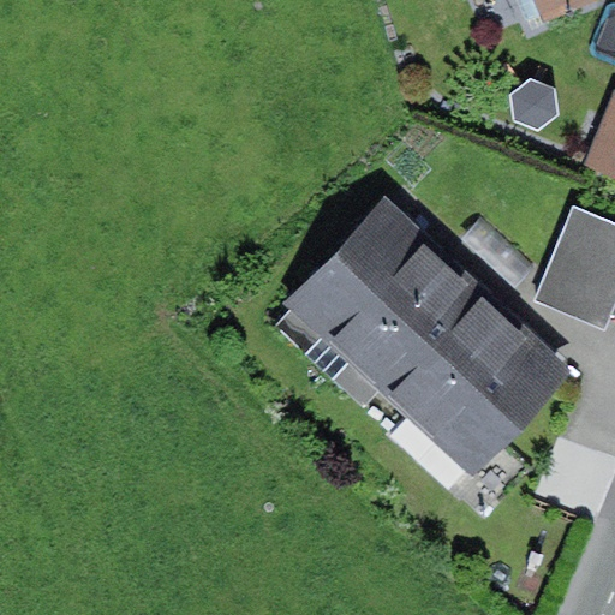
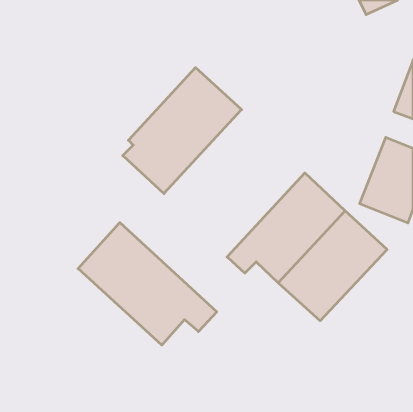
building: [276,196,453,383] -> [123,68,242,194]
building: none -> [78,223,217,345]

